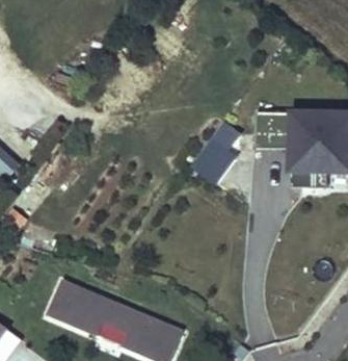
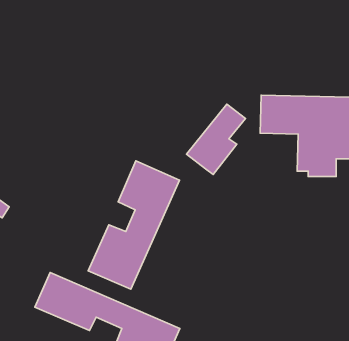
building: none -> [88,161,179,289]

